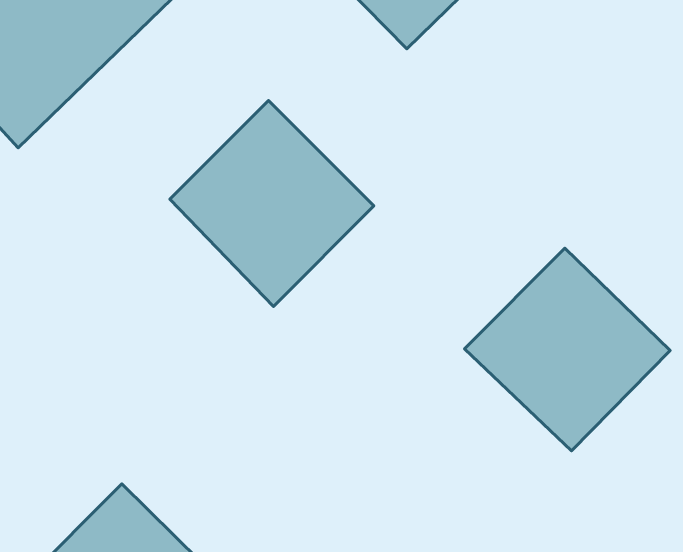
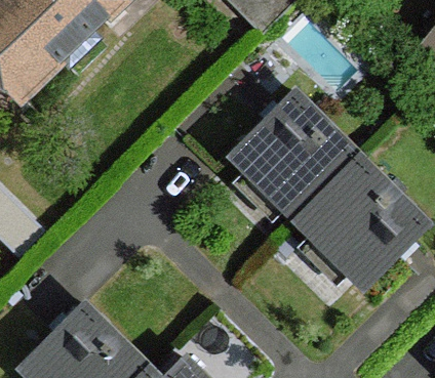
building: [170,100,374,306] -> [233,94,360,222]

